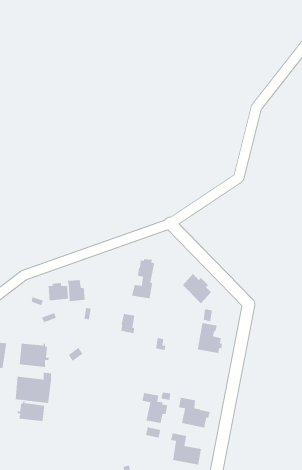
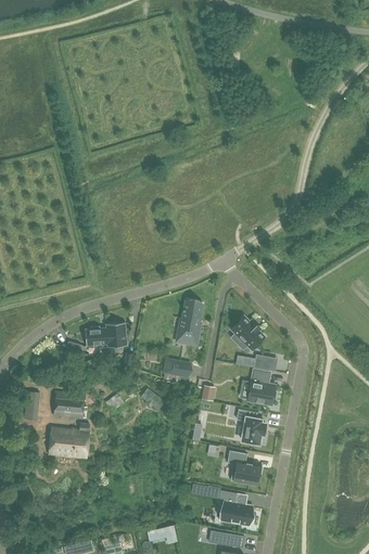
building: [141,392,168,424] -> [237,409,266,443]
building: [17,401,45,422] -> none

